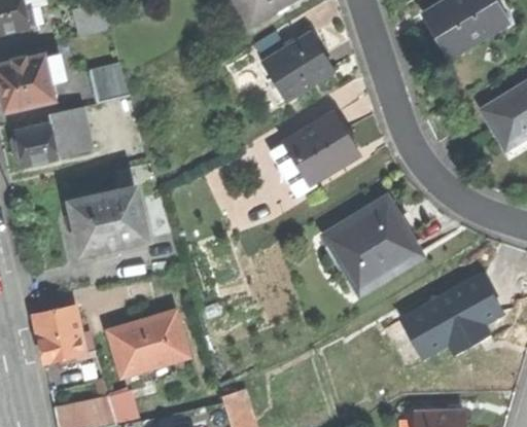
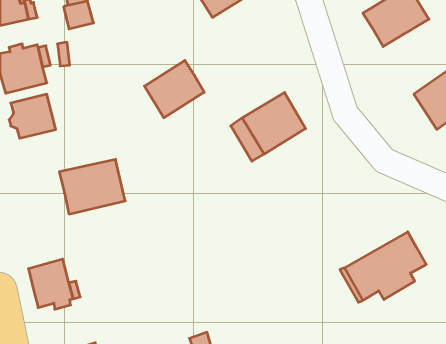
building: [262,31,332,98] -> [144,60,204,118]
building: [90,63,129,102] -> none
building: [56,105,93,153] -> none
building: [324,195,422,291] -> none
building: [112,312,188,371] -> none

